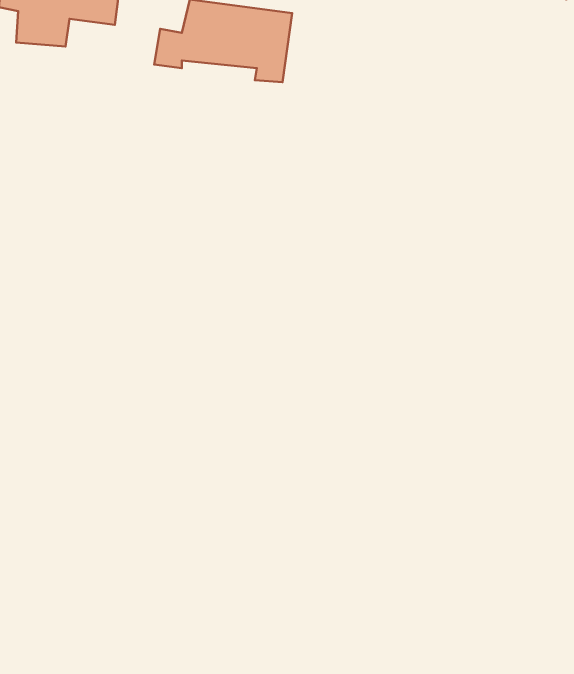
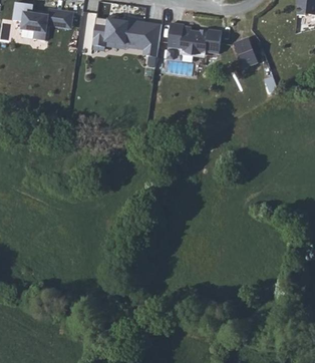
building: none -> [168,22,222,55]
building: none -> [236,36,258,67]

